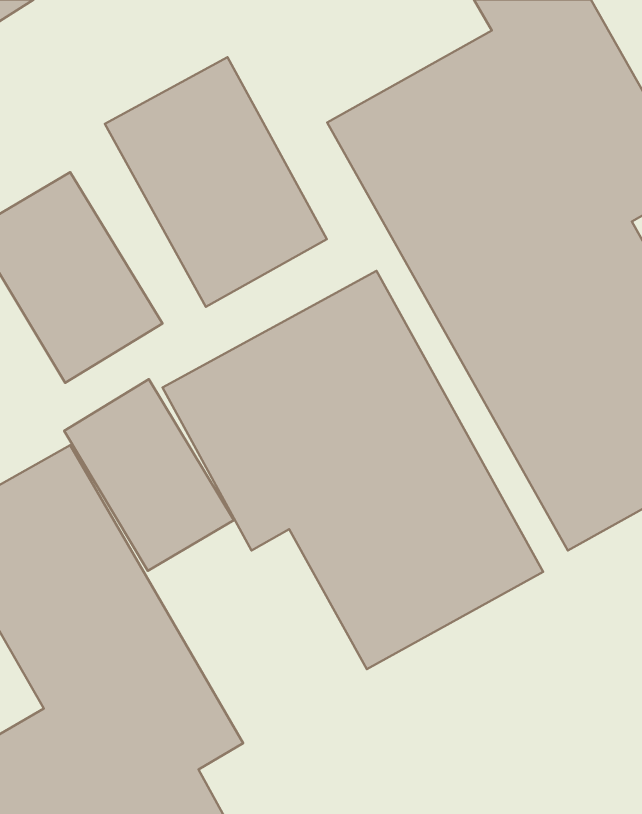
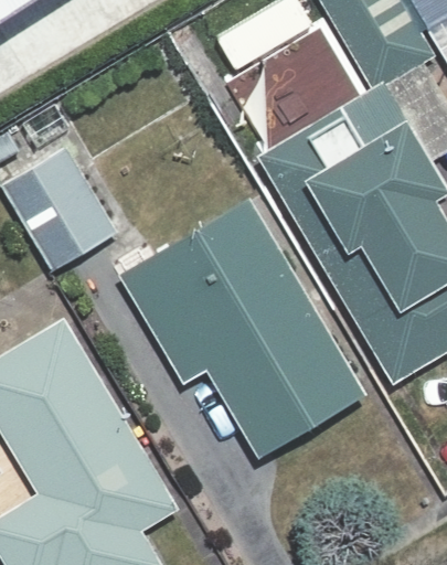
building: [105,57,327,307] -> none
building: [64,379,234,571] -> none

